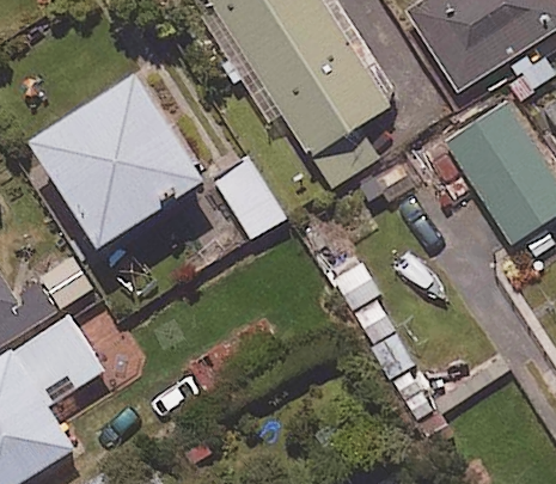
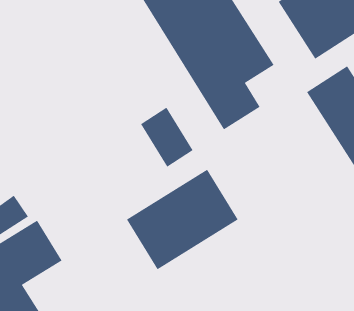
building: [33,68,208,243] -> none
building: none -> [126,169,239,270]

